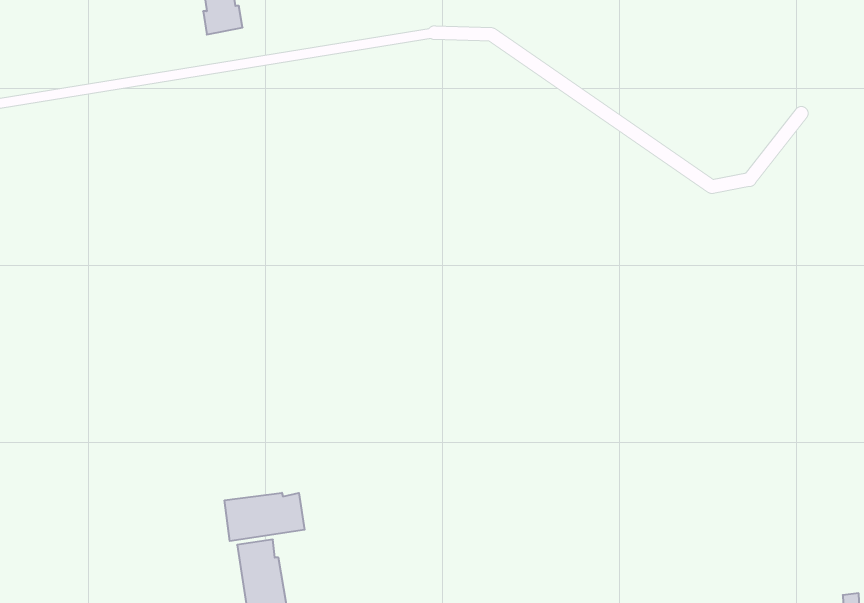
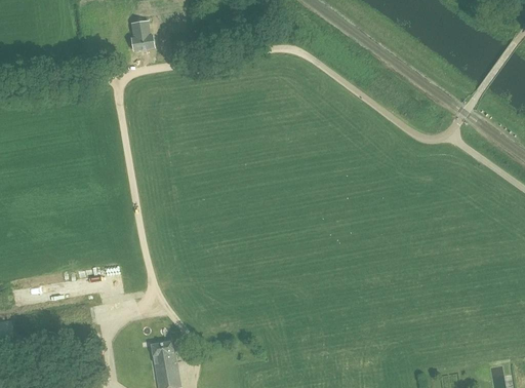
building: [225,493,305,541] -> none

